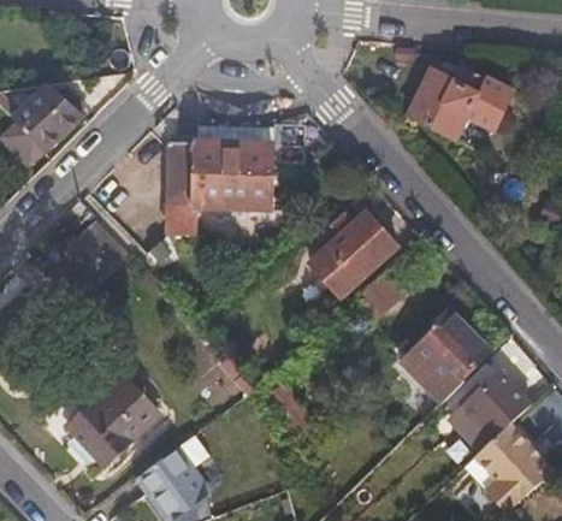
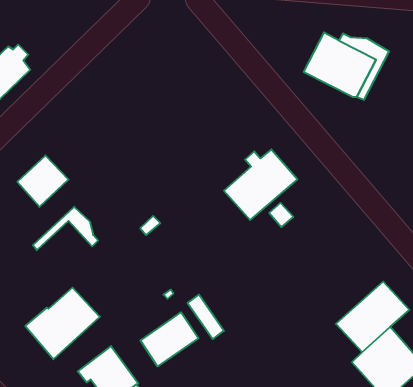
building: [167,124,272,233] -> none
building: none -> [33,207,98,250]
building: [395,306,489,397] -> none
building: none -> [140,312,198,366]

